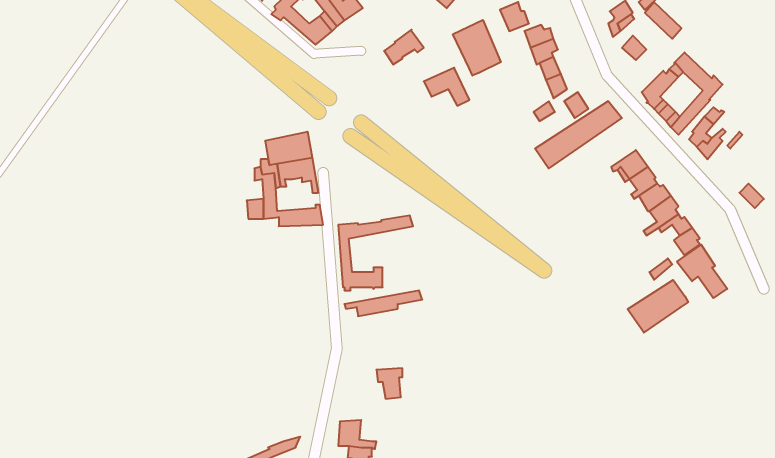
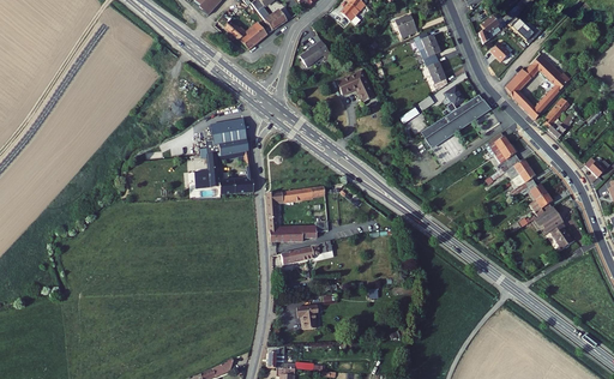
building: [453,20,501,76] -> none
building: [628,280,688,333] -> none

